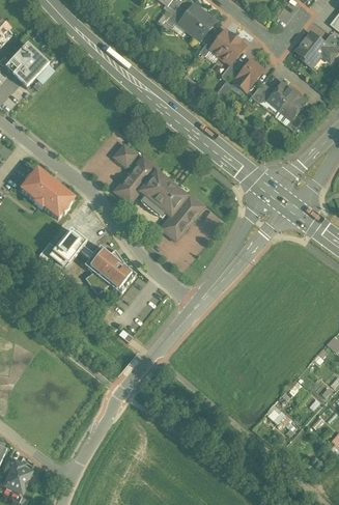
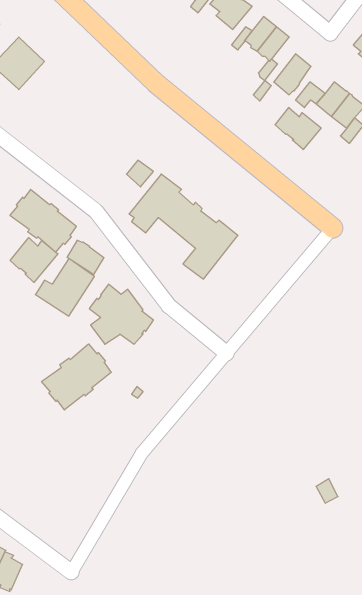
building: none -> [275,107,321,150]
building: none -> [10,238,58,282]
building: none -> [67,240,104,275]
building: none -> [42,344,111,410]

